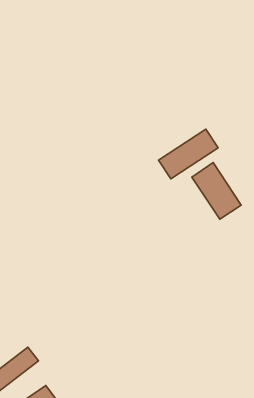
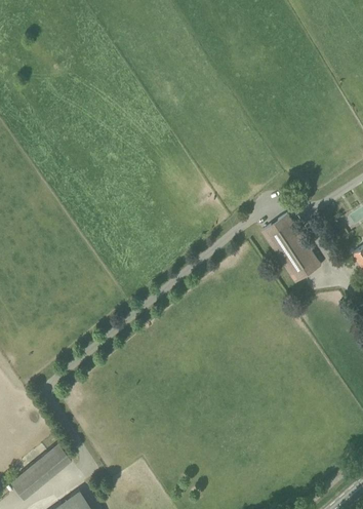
building: [159,129,218,179] -> none

